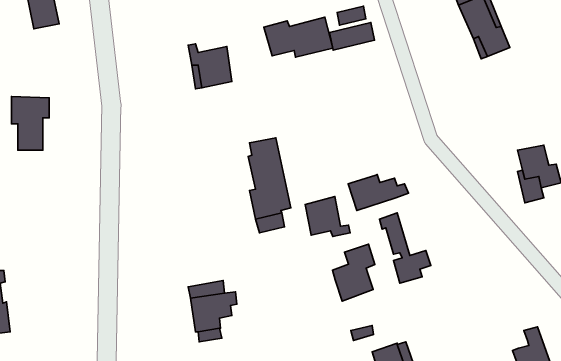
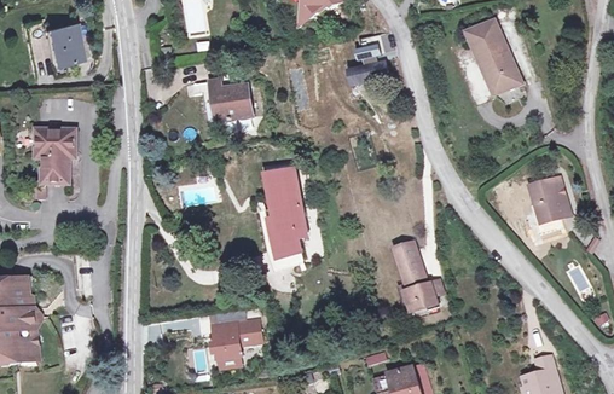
building: [264,17,333,57] -> none
building: [348,175,408,210] -> none
building: [305,196,350,237] -> none
building: [333,244,375,301] -> none

